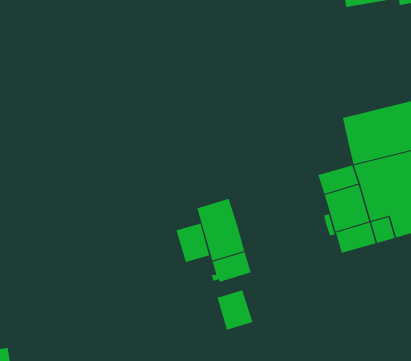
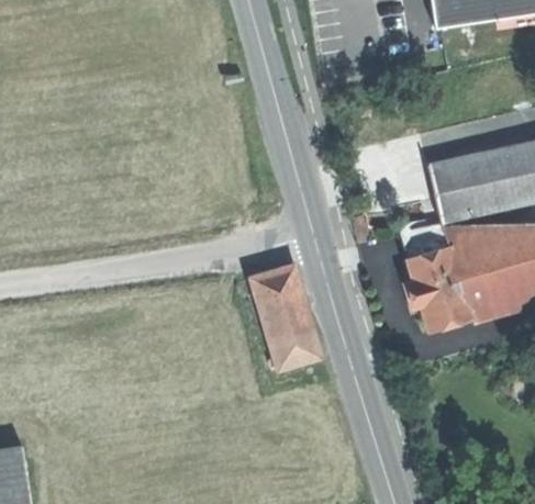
building: [176,223,210,263] -> none
building: [217,289,253,331] -> none

